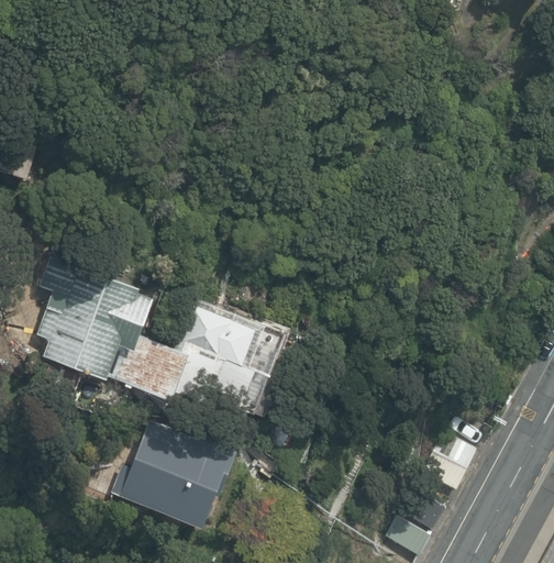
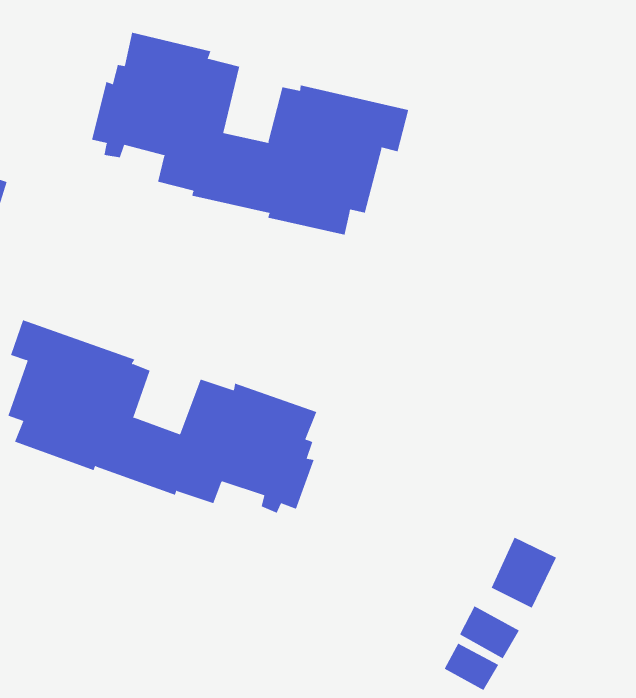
building: none -> [91,32,409,235]
building: [111,417,235,527] -> none

